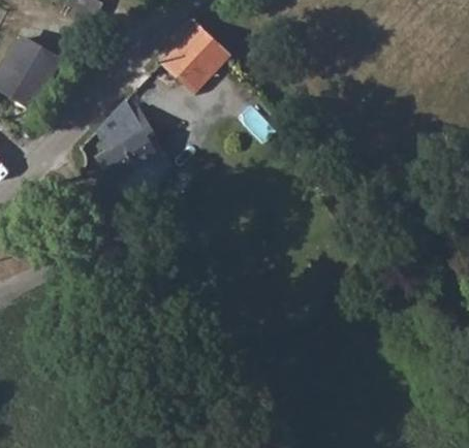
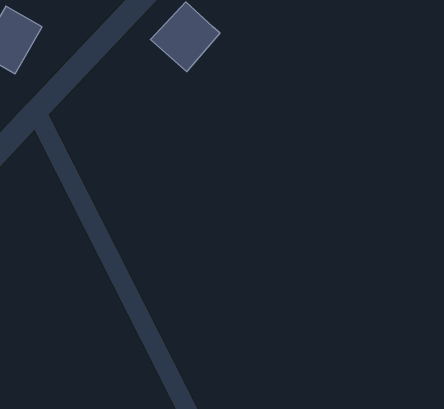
building: [99,102,160,184] -> none

